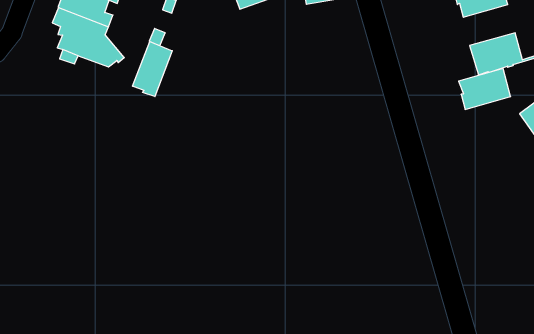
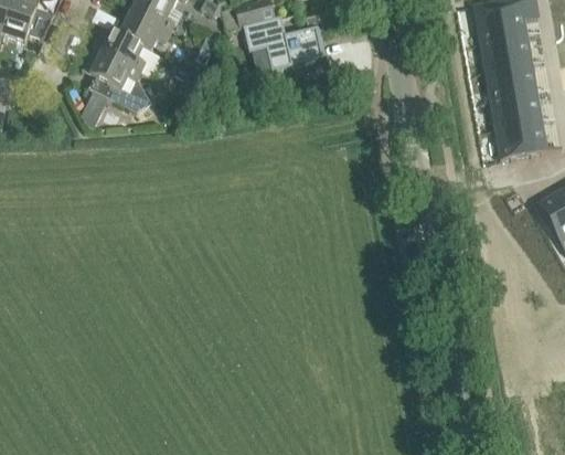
building: [133,42,172,97] -> none
building: [459,68,511,109] -> [492,93,542,129]

